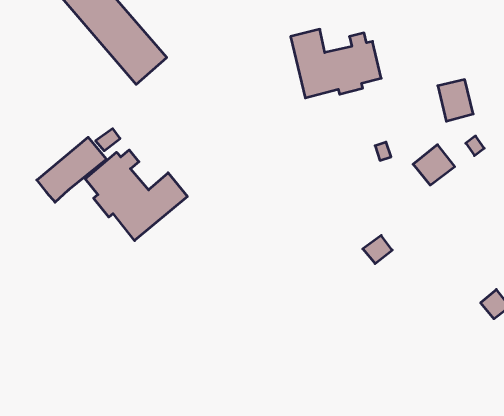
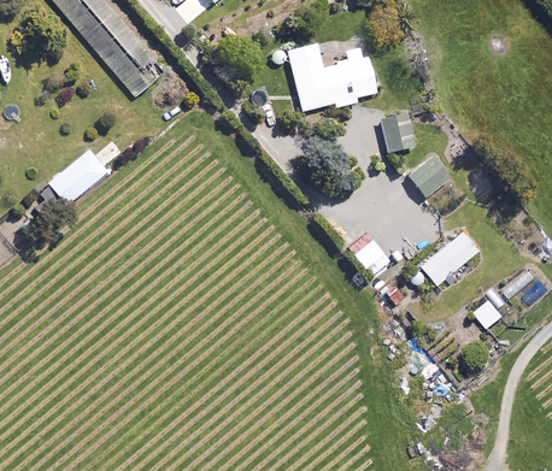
building: [438,80,473,121] -> [378,111,413,152]
building: [85,150,187,241] -> none
building: none -> [419,232,476,284]

